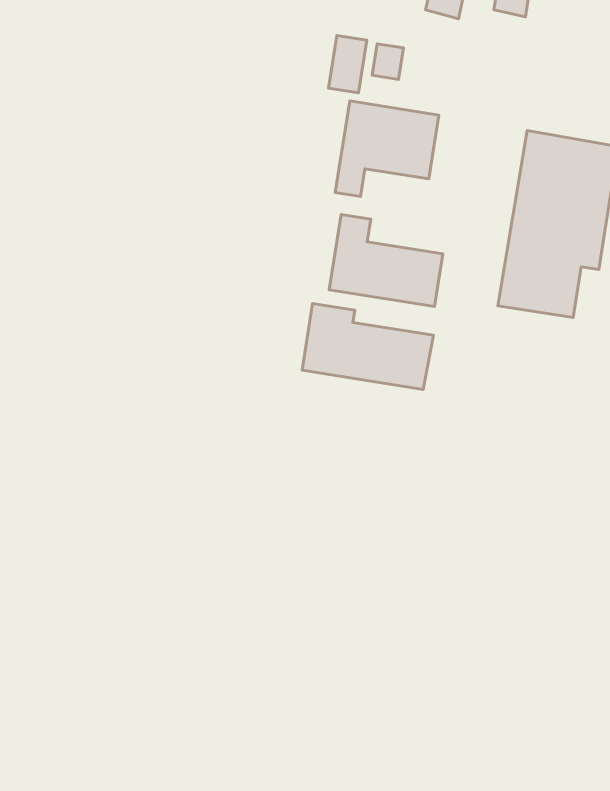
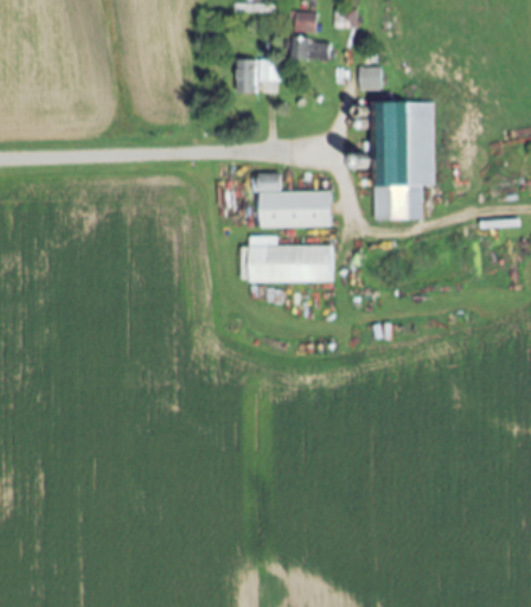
building: none -> [292,36,332,60]
building: none -> [363,65,385,89]
building: [335,101,439,197] -> none

